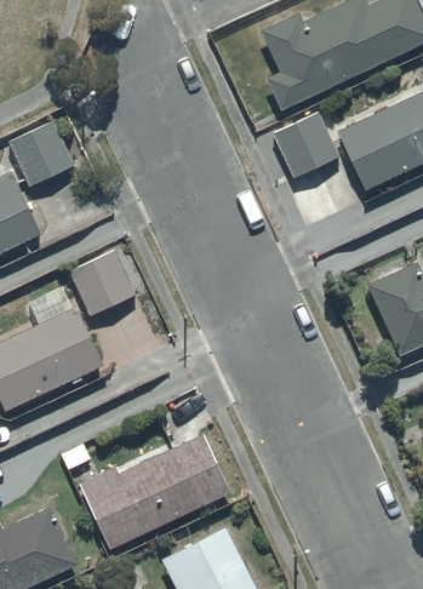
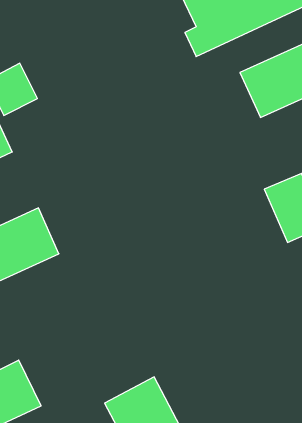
building: [271,114,338,179] -> none
building: [70,251,136,315] -> none
building: [81,434,231,549] -> none

